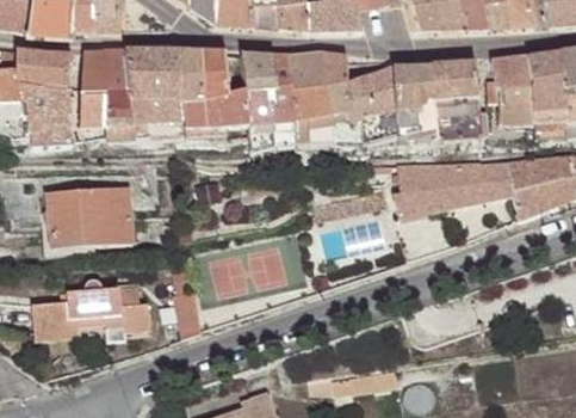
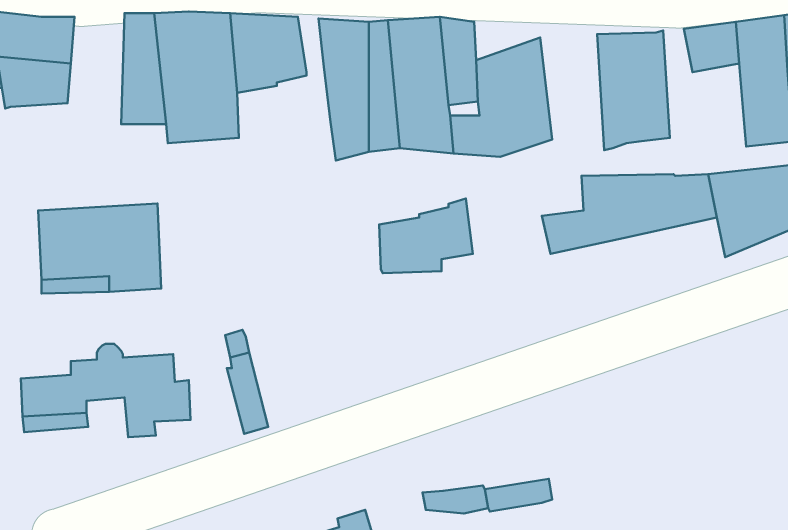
building: [78,50,105,127] -> none
building: [391,64,435,146] -> none
building: [496,85,532,129] -> none
building: [182,87,247,139] -> [379,199,473,273]
building: [26,112,72,150] -> none

